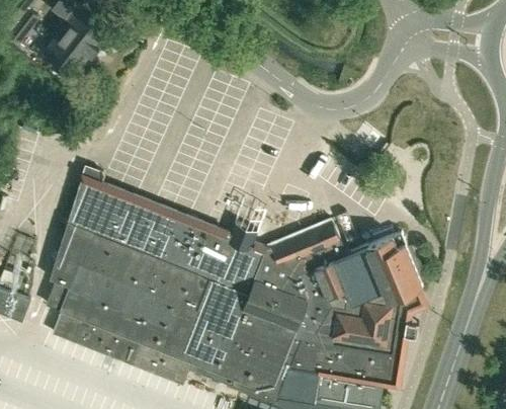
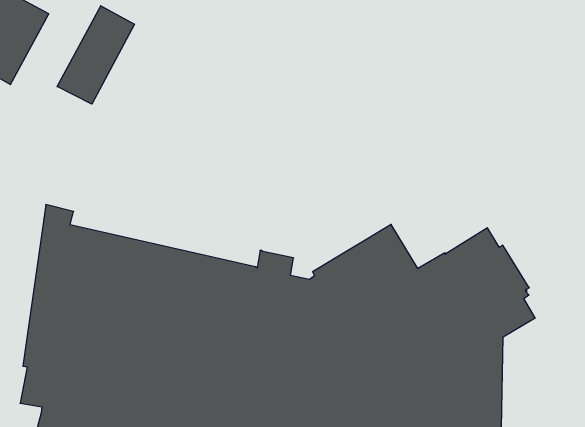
building: none -> [57,6,134,104]

